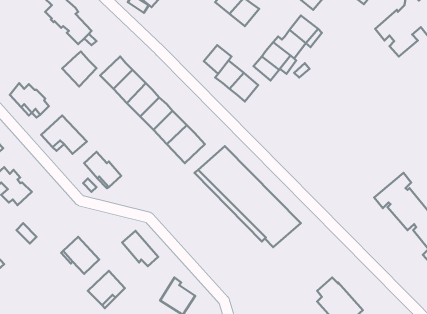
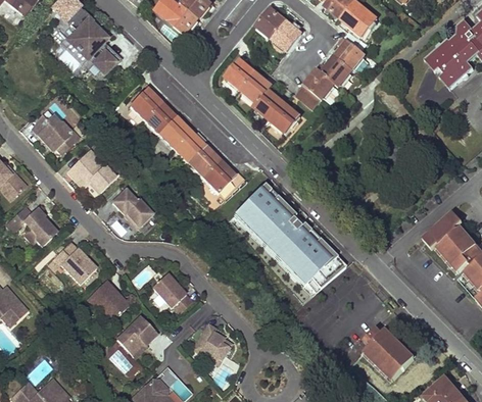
building: none -> [225,60,255,91]
building: [62,51,97,86] -> none
building: none -> [54,241,96,283]

